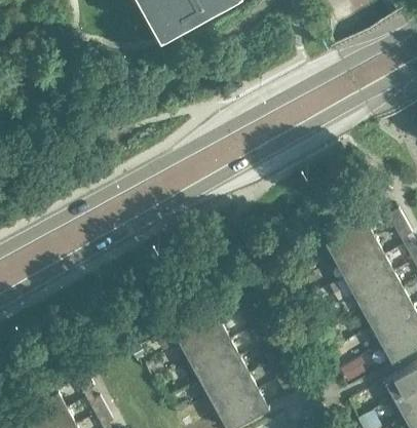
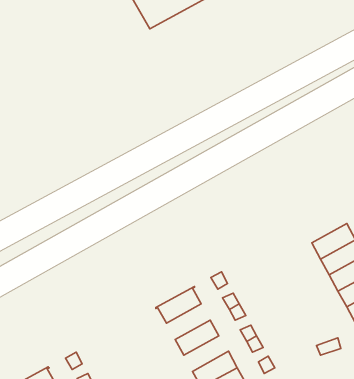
building: [325,221,374,260] -> none
building: [183,324,229,362] -> none
building: [201,358,249,396] -> none

